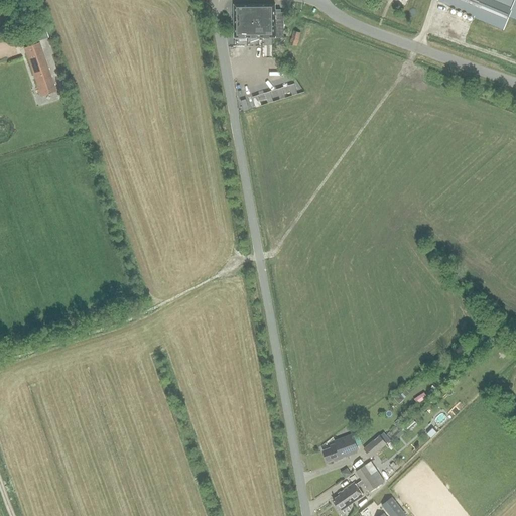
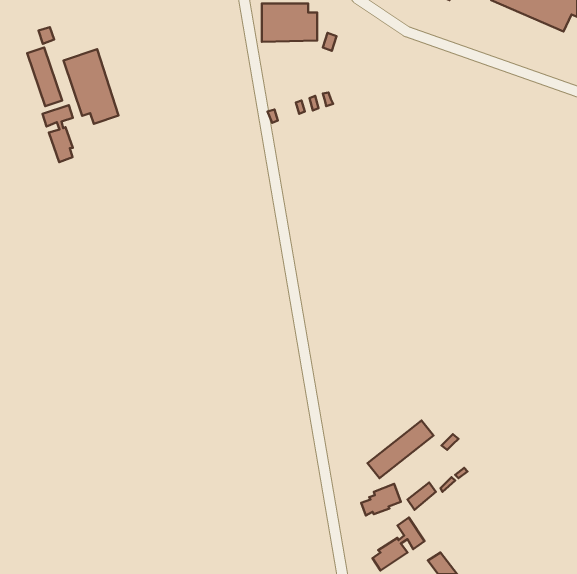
building: none -> [63,49,119,124]
building: none -> [43,105,73,162]
building: none -> [368,421,434,478]

